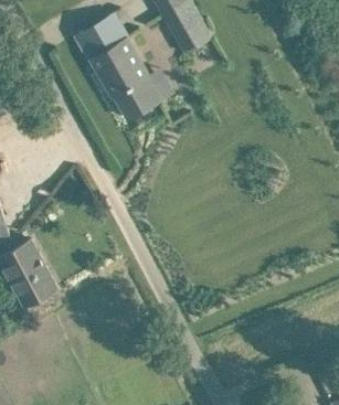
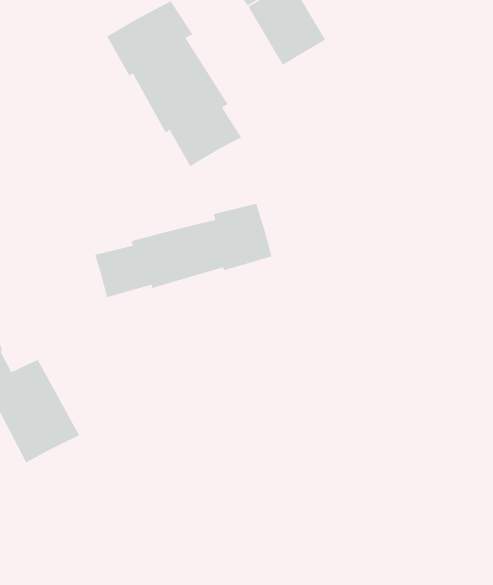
building: none -> [94,203,272,298]

